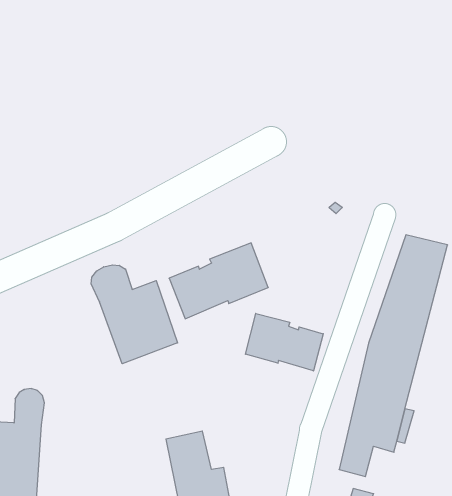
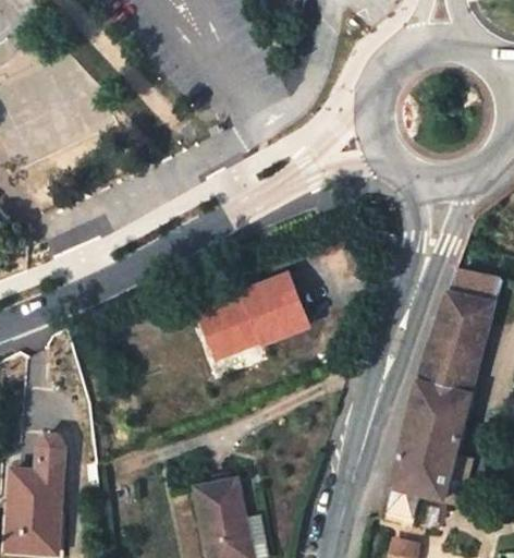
building: [91,265,178,364] -> none
building: [245,313,323,371] -> none

